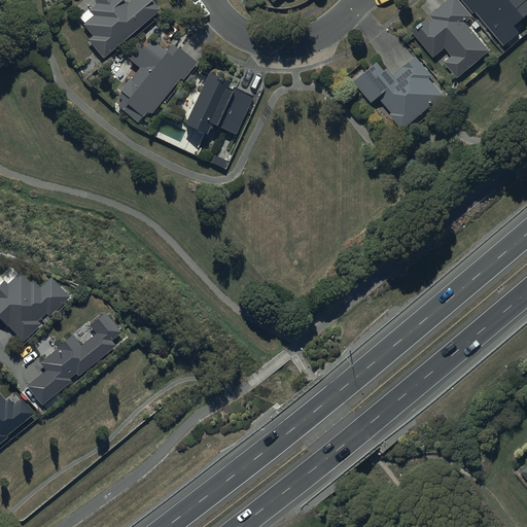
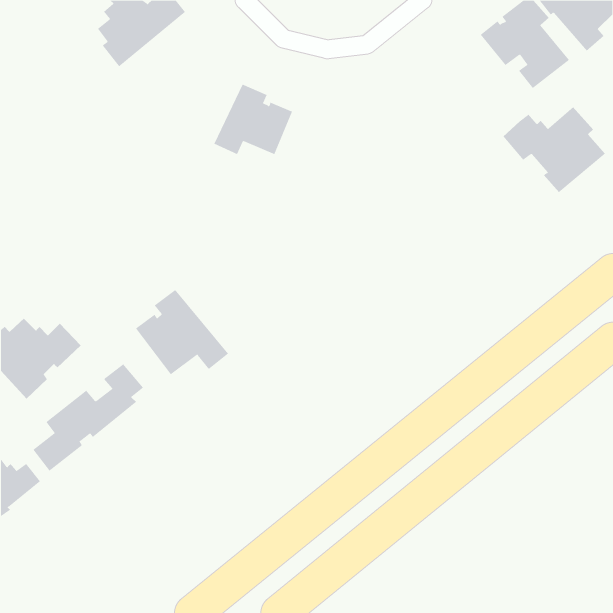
building: [116,40,196,122] -> none
building: [354,56,443,130] -> [503,107,606,193]
building: none -> [135,289,229,375]

